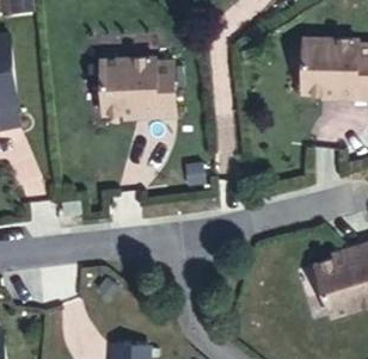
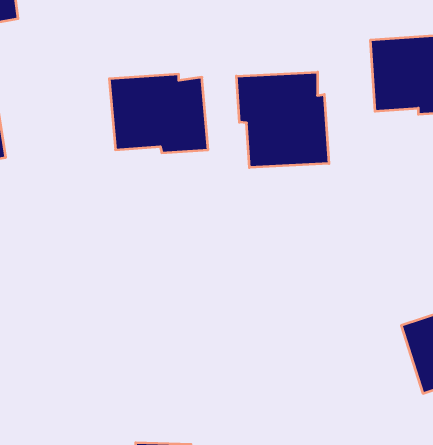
building: none -> [236,72,329,168]

